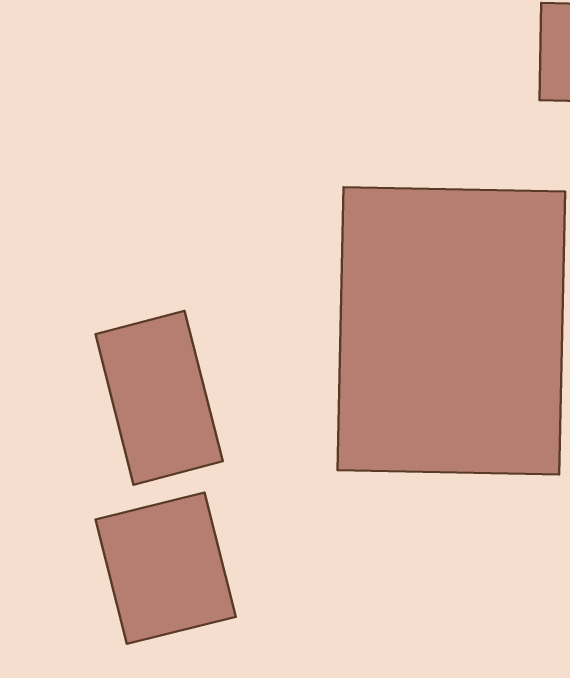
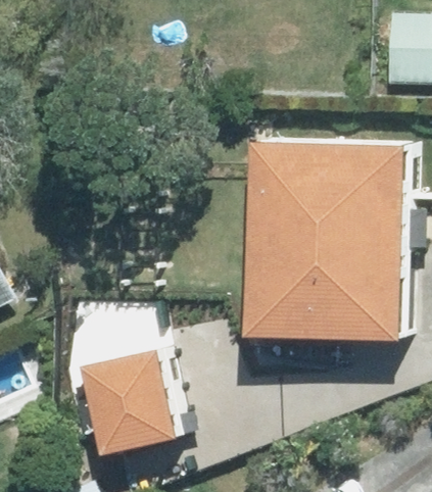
building: [95,311,223,485] -> none

